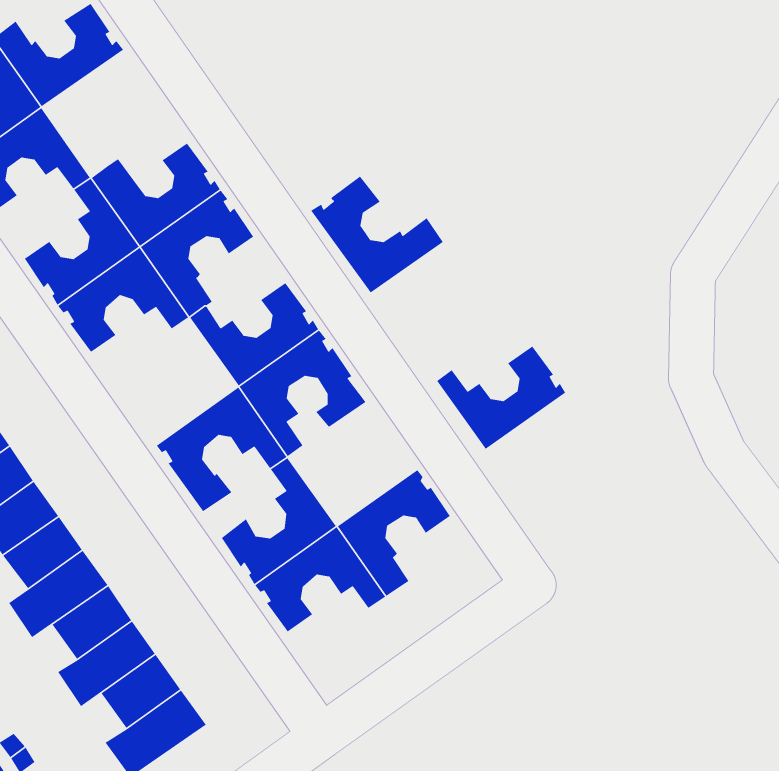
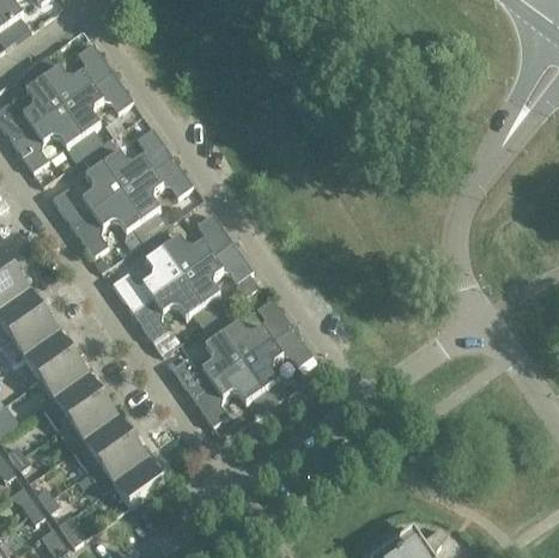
building: none -> [62,69,133,147]
building: [310,175,444,294] -> none
building: none -> [111,232,182,310]
building: [436,345,566,450] -> [212,296,291,359]

